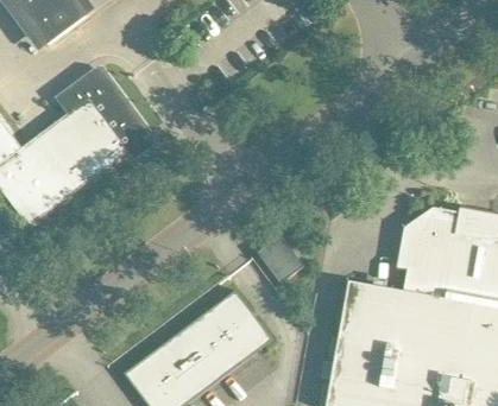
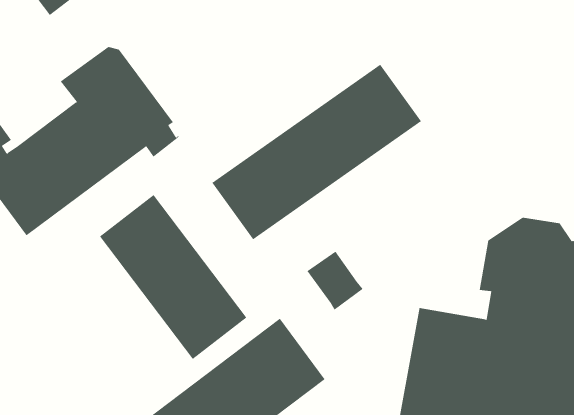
building: none -> [211,64,422,240]
building: none -> [99,194,247,360]

